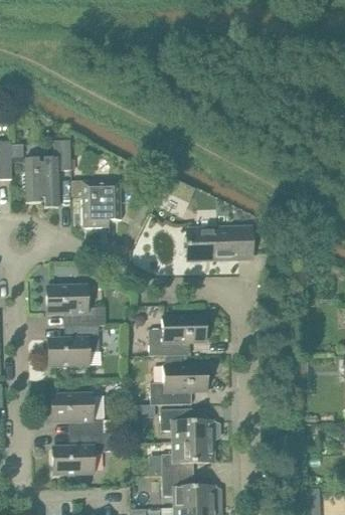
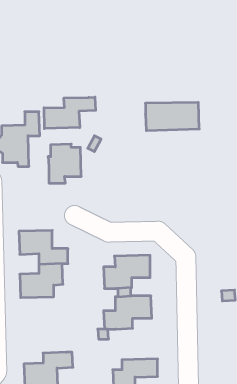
building: none -> [44,97,96,129]
building: [187,226,252,261] -> [145,102,199,131]
building: [51,393,104,434] -> none
building: [159,408,220,442] -> none

